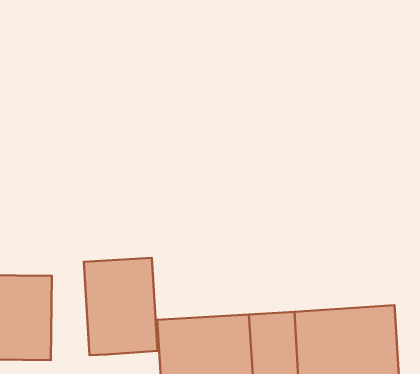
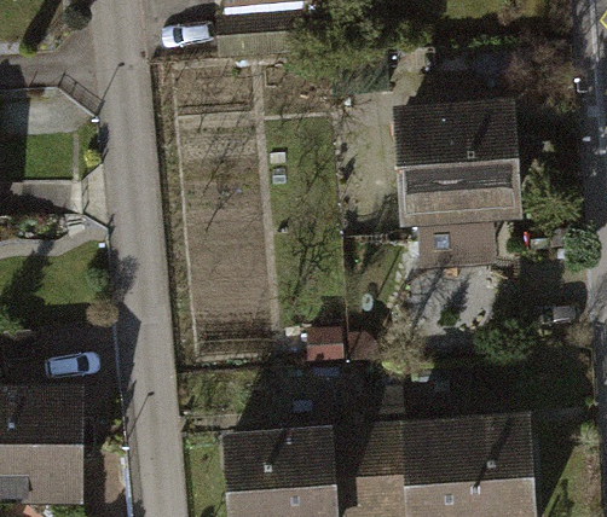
building: none -> [398,103,525,256]
building: [84,258,158,355] -> none

